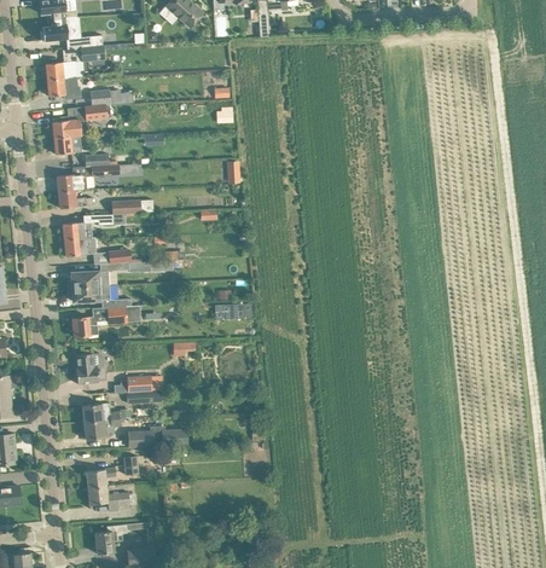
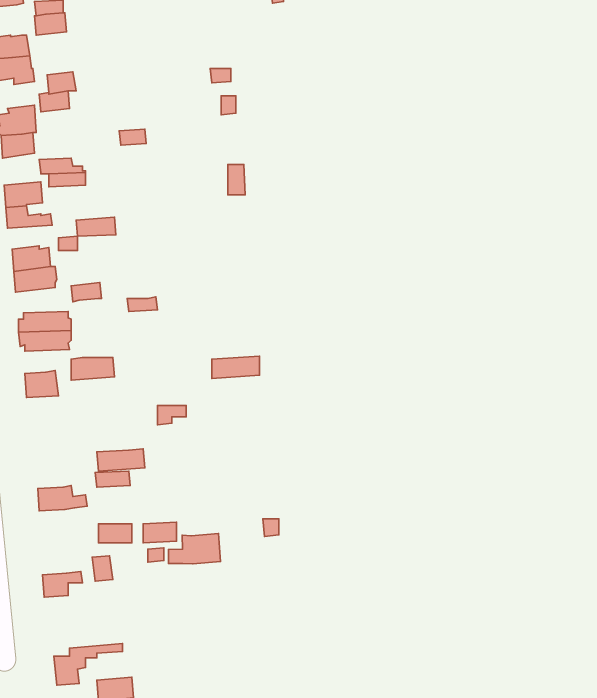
building: [76,353,104,384] -> none
building: [83,418,120,439] -> none
building: none -> [169,533,220,564]
building: [87,486,129,511] -> none

